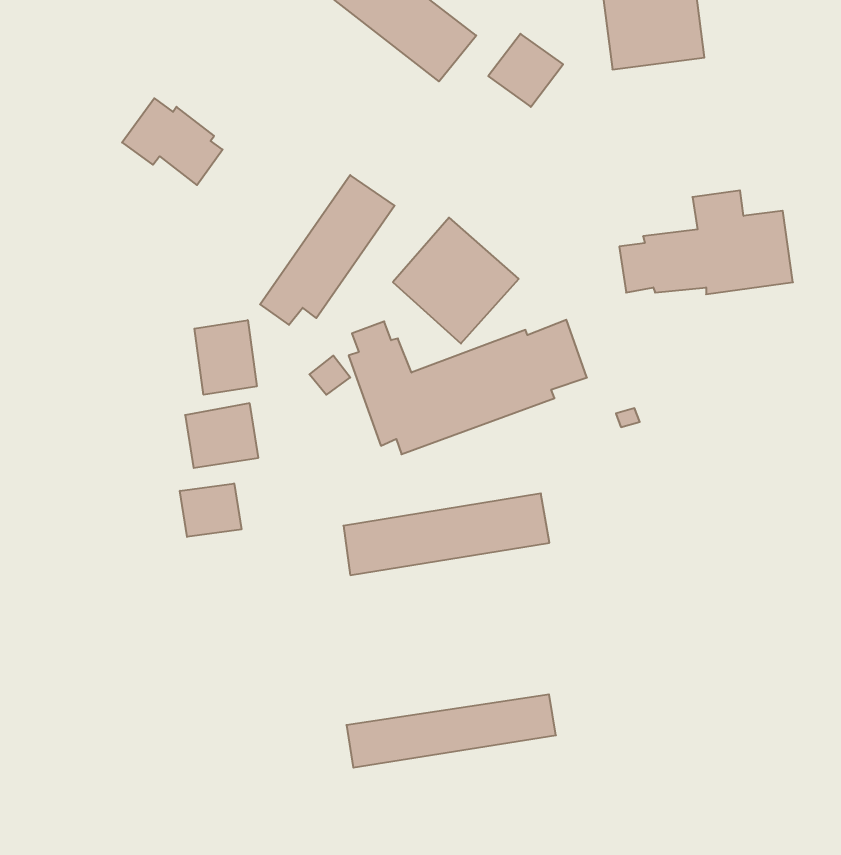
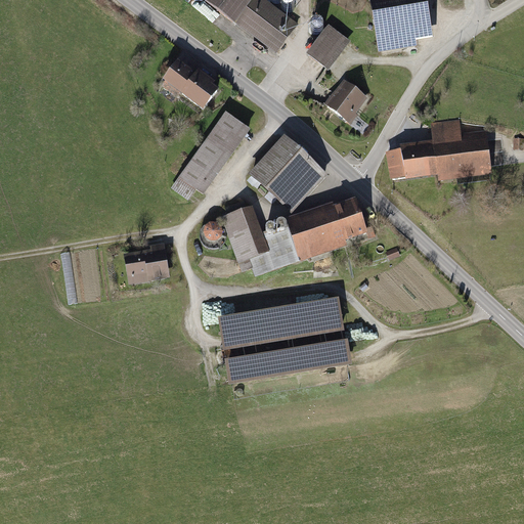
building: [122,98,223,185] -> [159,57,219,110]
building: none -> [325,79,372,123]
building: [194,320,257,395] -> none
building: [180,483,241,537] -> none
building: [346,694,556,768] -> [225,341,351,385]

